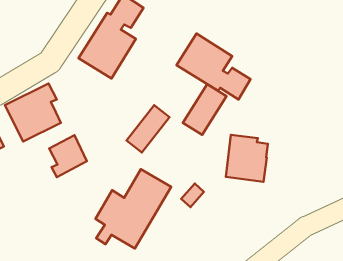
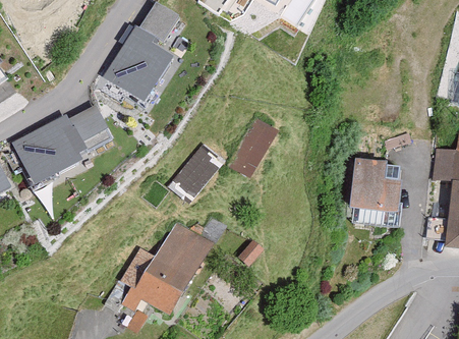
building: [177,34,251,99] -> none
building: [226,135,268,182] -> [342,155,393,212]
building: [49,135,87,177] -> [67,99,113,150]

